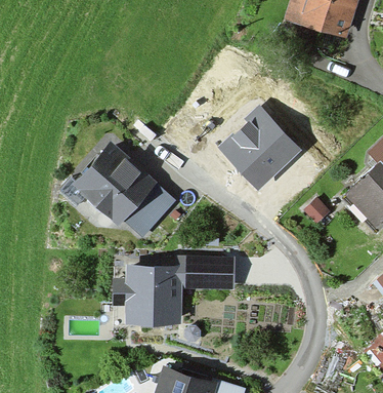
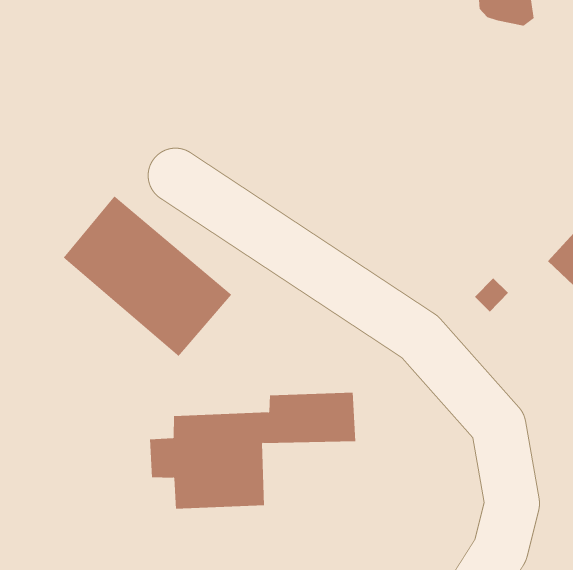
building: [221,107,301,188] -> none

